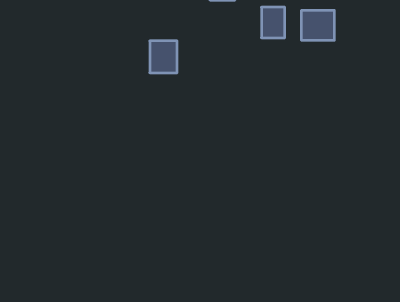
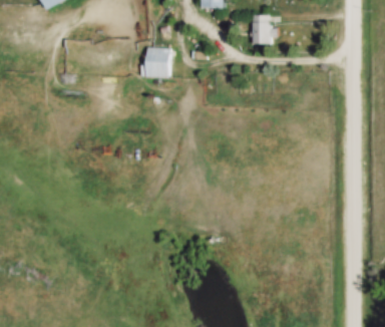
building: [302,10,334,40] -> none

